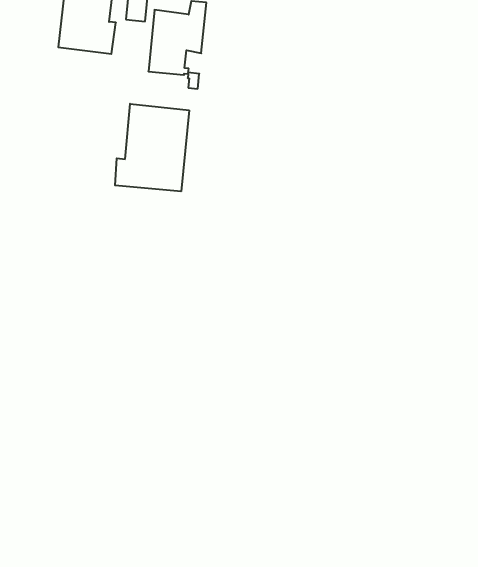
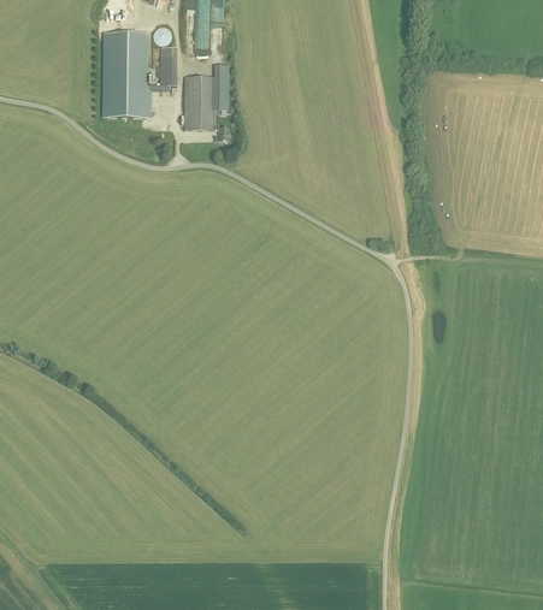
building: [115,104,189,191] -> none

